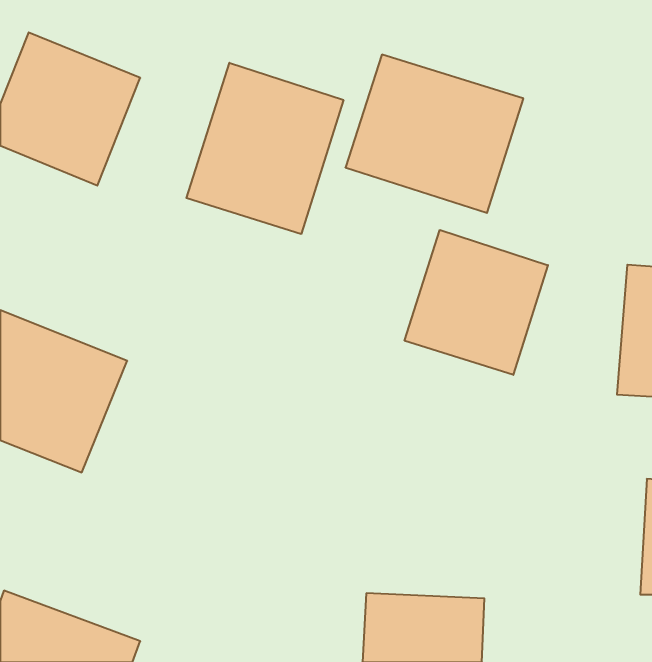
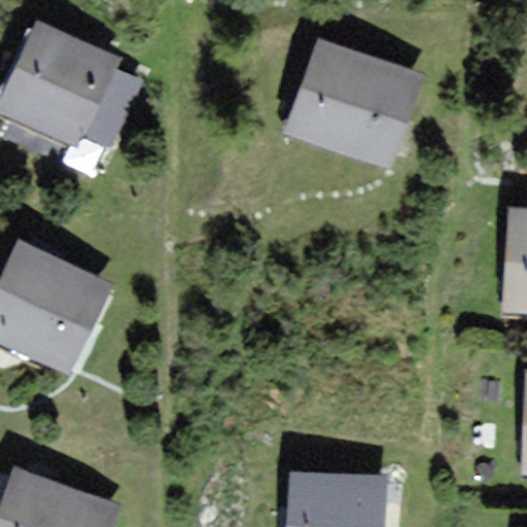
building: [186,63,343,234] -> none
building: [405,230,548,375] -> none

